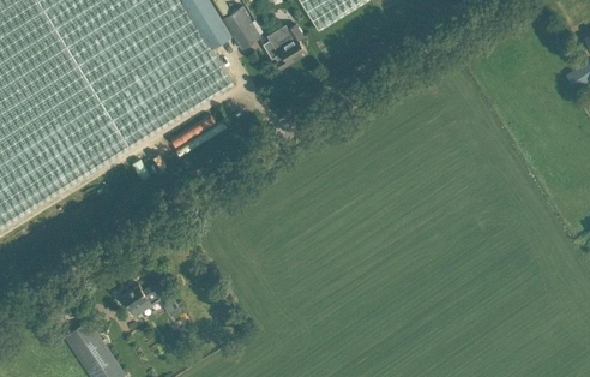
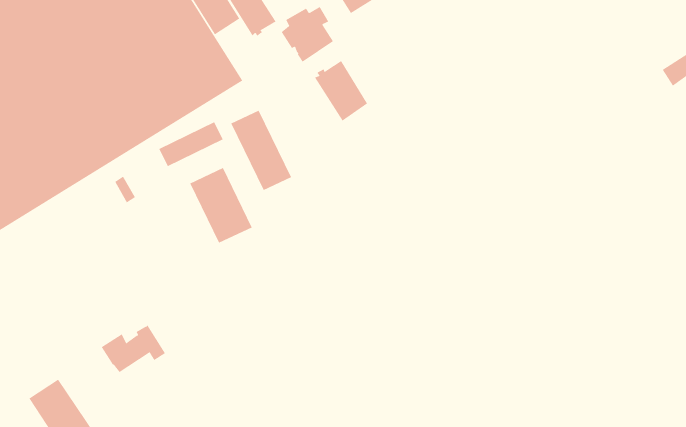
building: none -> [314,60,368,121]
building: none -> [231,110,292,191]
building: none -> [190,167,253,244]

